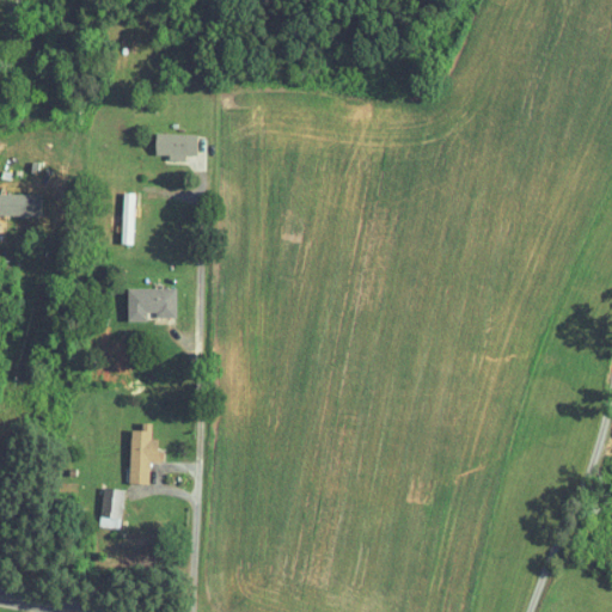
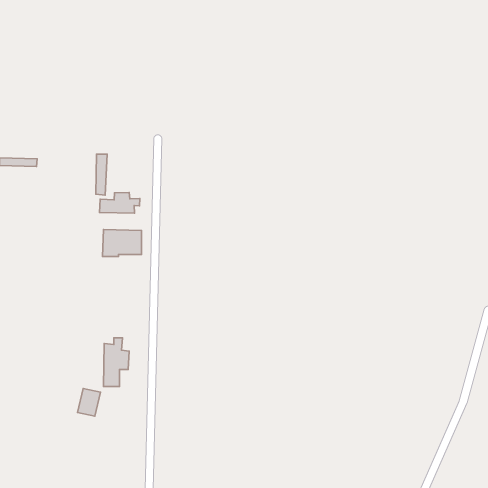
building: [158,134,198,158] -> none
building: none -> [100,193,140,213]

